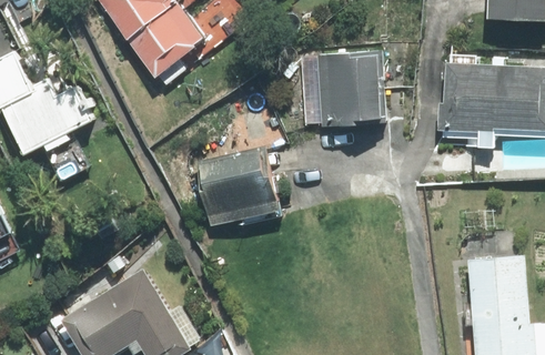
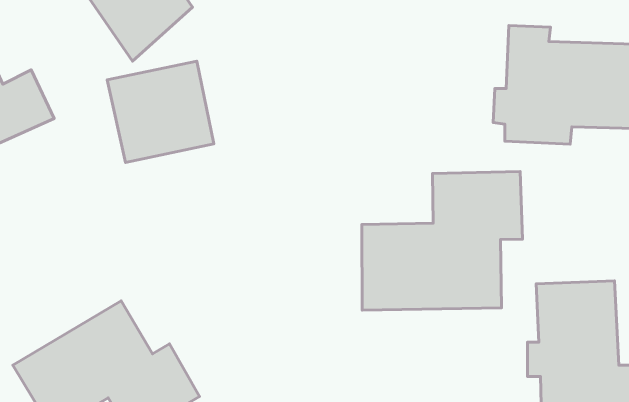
building: [320,52,380,131] -> none
building: [196,146,280,225] -> [107,61,214,162]
building: none -> [362,171,522,310]

